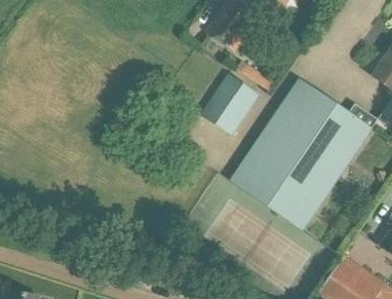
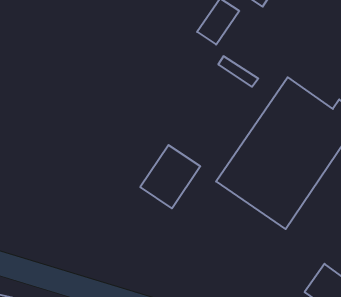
building: [200,72,259,134] -> [140,145,200,208]

